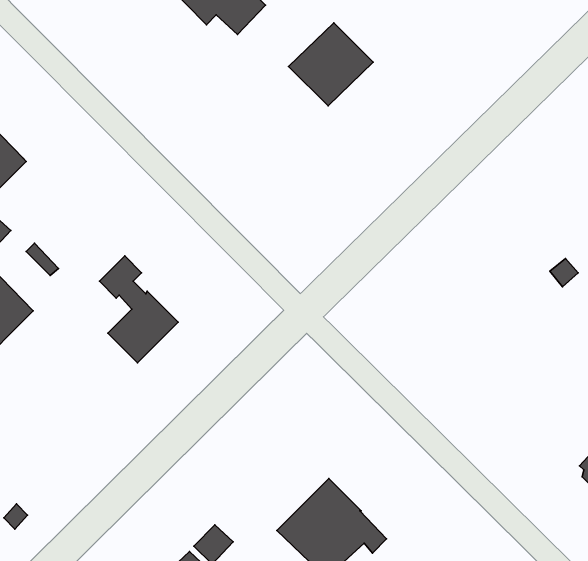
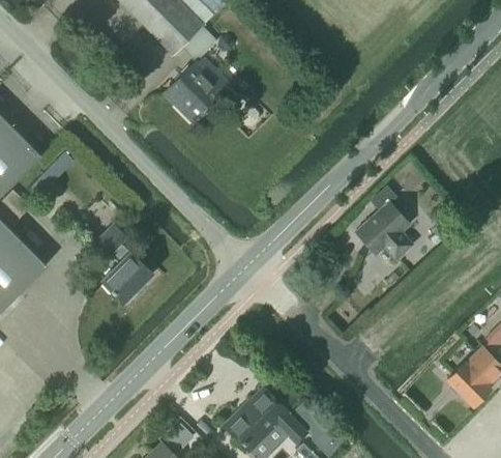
building: [289,23,373,106] -> [164,62,226,123]
building: none -> [355,188,413,262]

